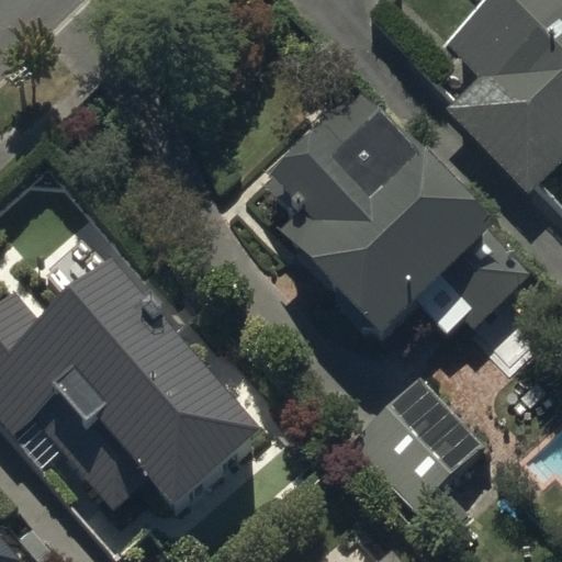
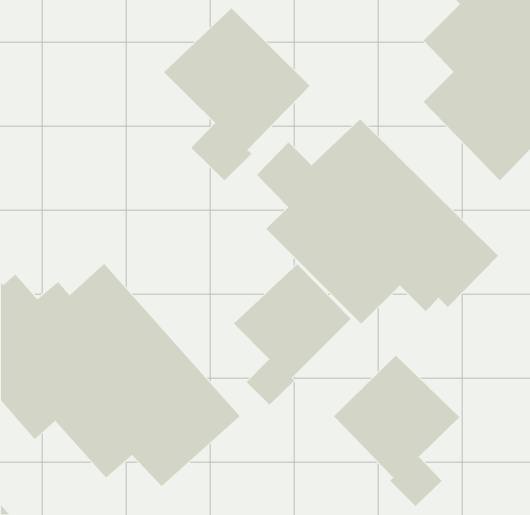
building: none -> [163,7,311,181]
building: none -> [233,263,352,406]

